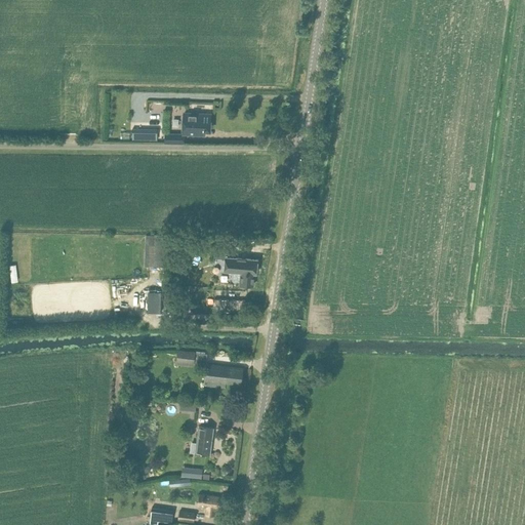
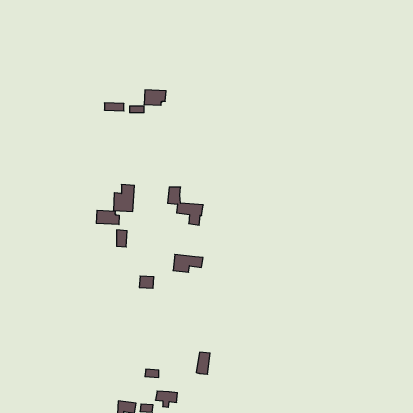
building: none -> [96,210,119,225]
building: [204,365,242,388] -> [173,254,203,272]
building: [195,428,212,455] -> [196,352,210,374]

